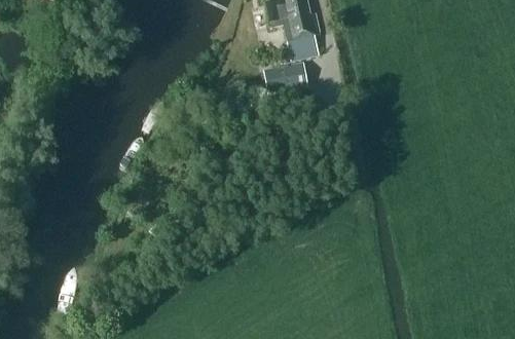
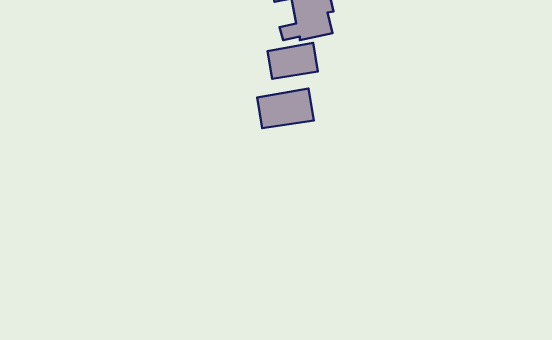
building: none -> [257,88,314,128]

